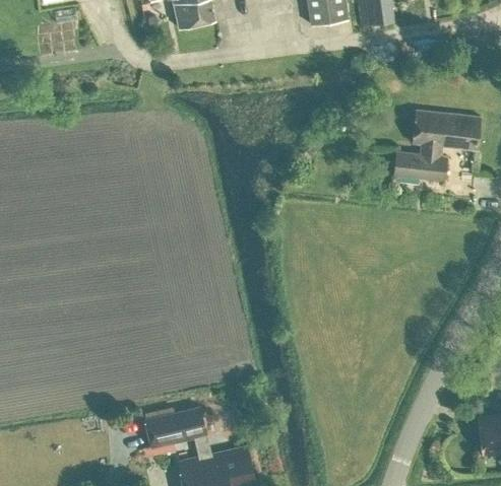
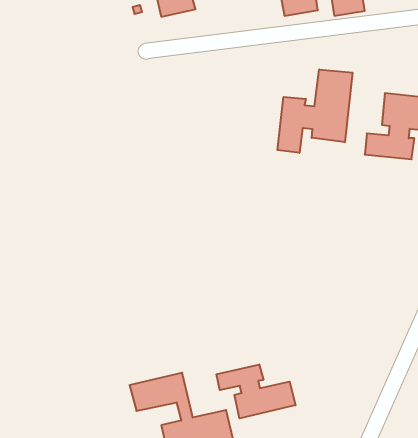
building: none -> [277,69,352,153]
building: none -> [216,364,296,418]

